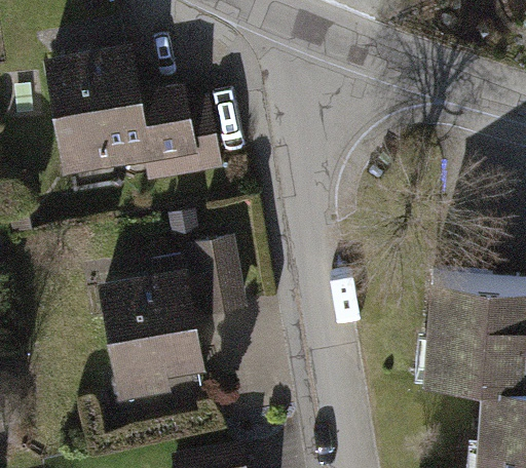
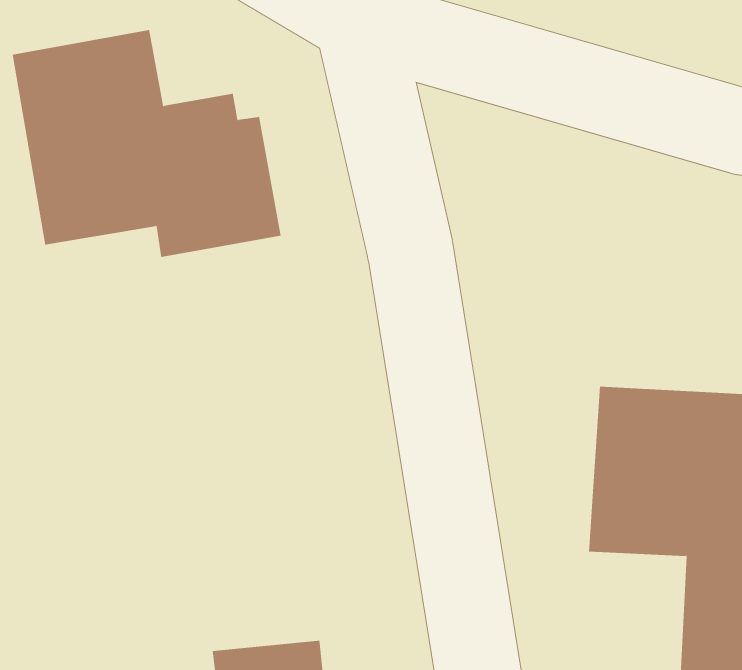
building: [101,235,249,424] -> none

